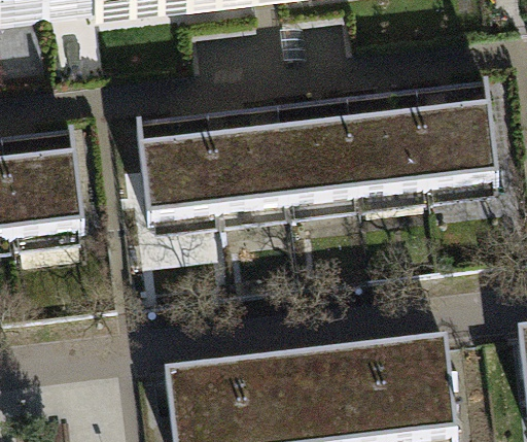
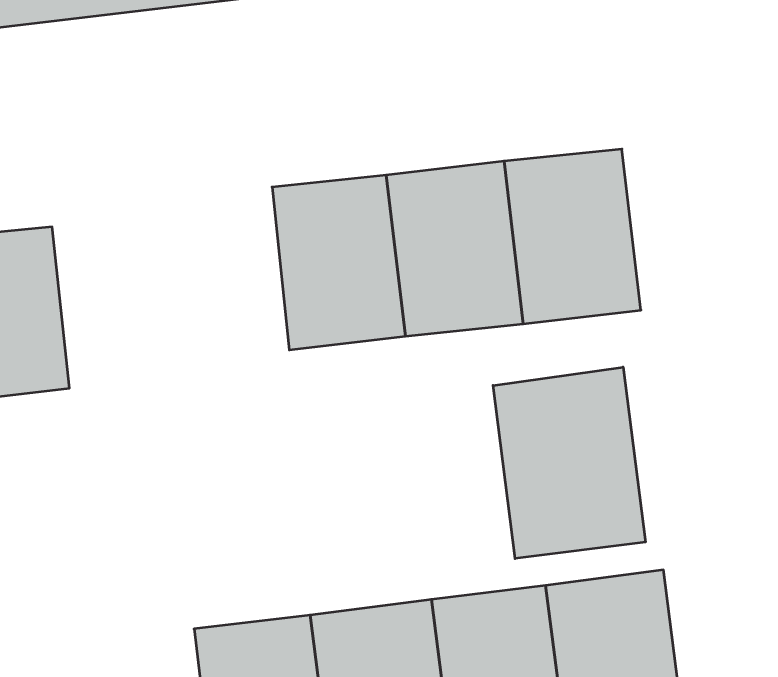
building: [417,83,497,188] -> none
building: [138,114,219,218] -> none
building: none -> [493,367,645,559]

